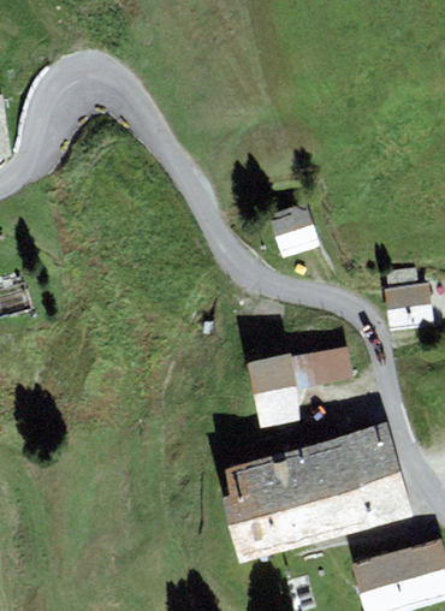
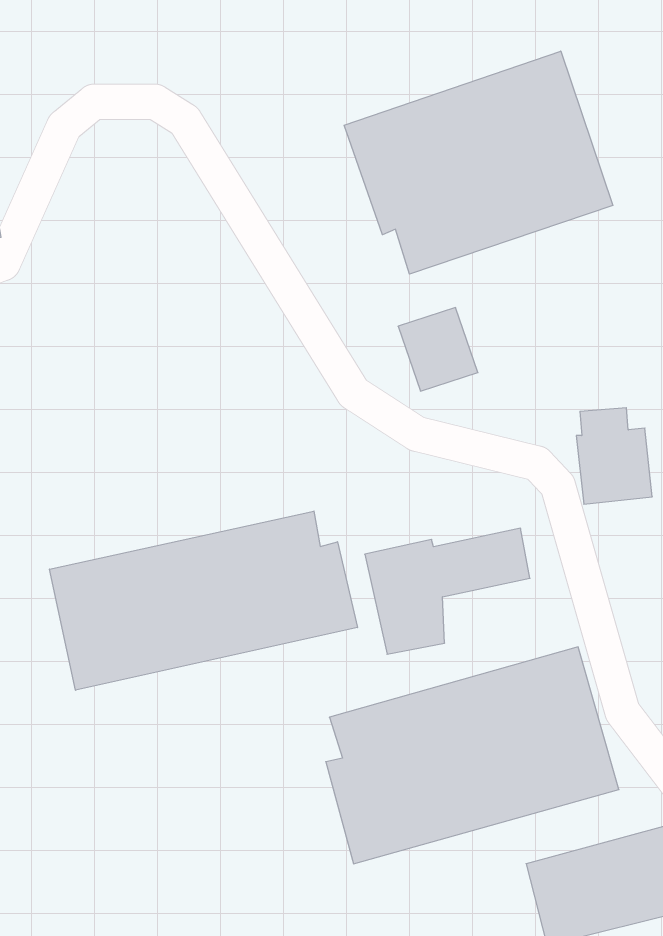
building: none -> [344,51,613,274]
building: none -> [50,511,357,690]

